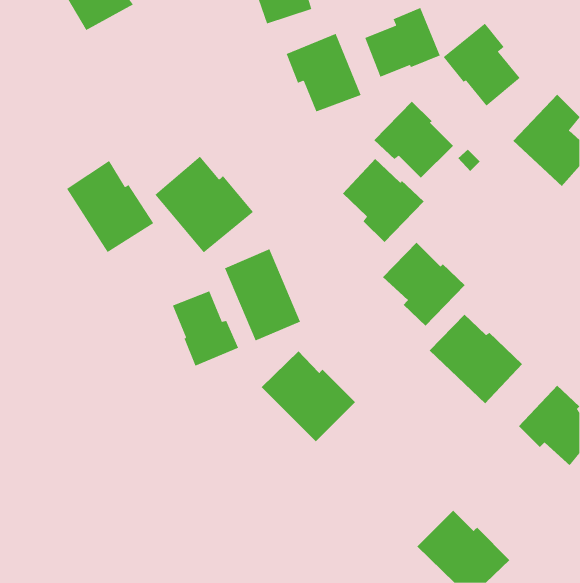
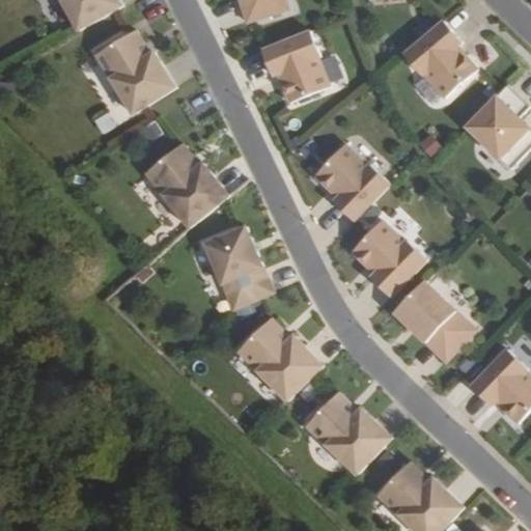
building: [364,7,440,78] -> none
building: [374,101,454,179] -> none
building: [66,160,154,253] -> [96,29,176,113]
building: [172,291,239,367] -> none
building: none -> [305,391,391,474]

